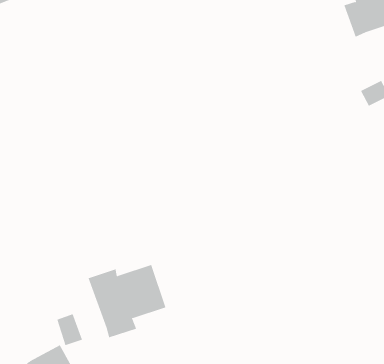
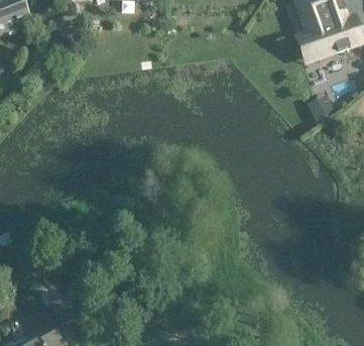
building: [88,264,166,338] -> none

